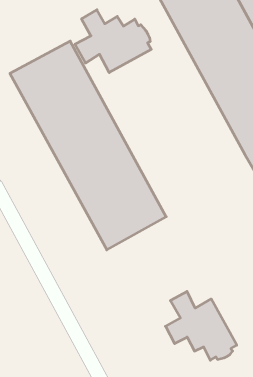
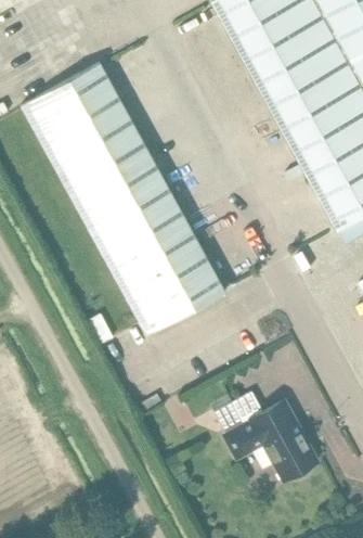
building: [75,10,151,73] -> none

